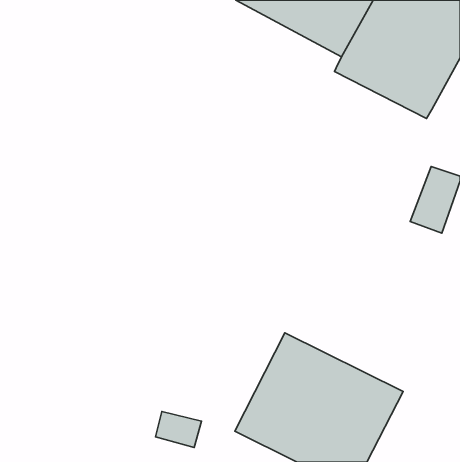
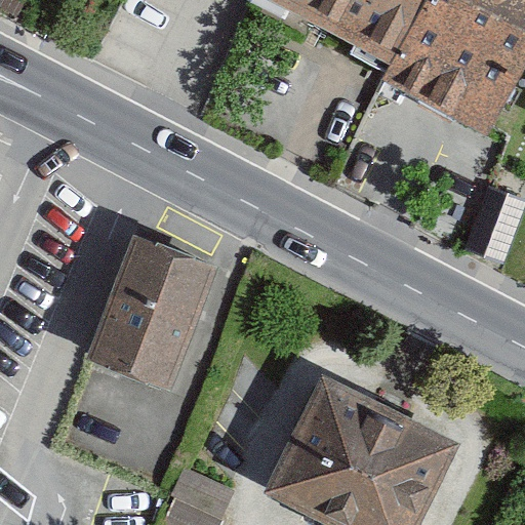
building: none -> [86,238,216,392]

